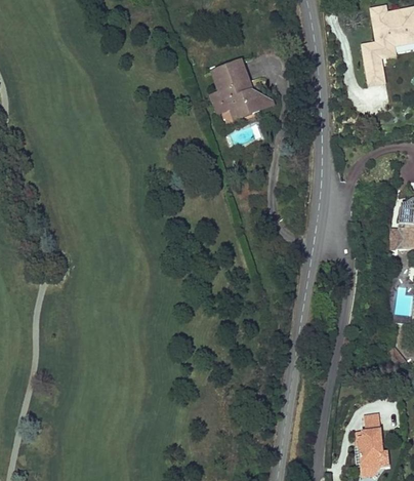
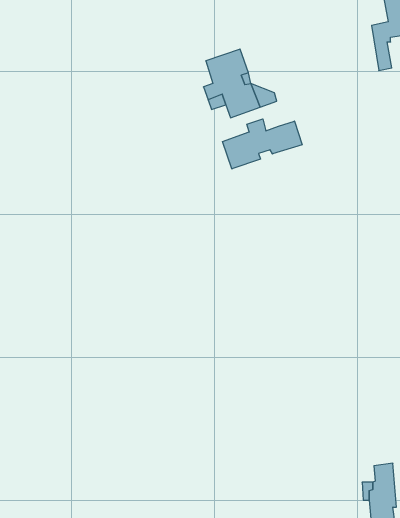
building: none -> [222,119,302,169]

